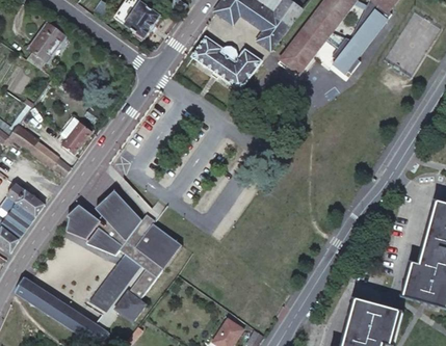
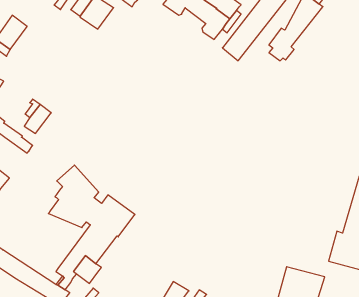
building: [192,33,262,87] -> none
building: [67,204,99,239] -> none

